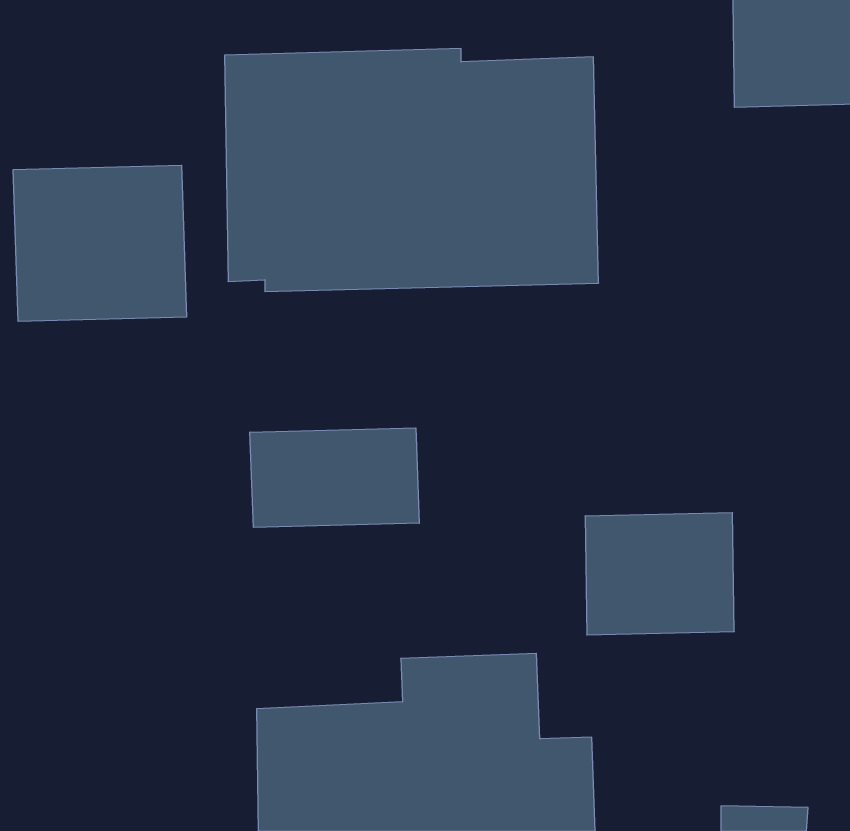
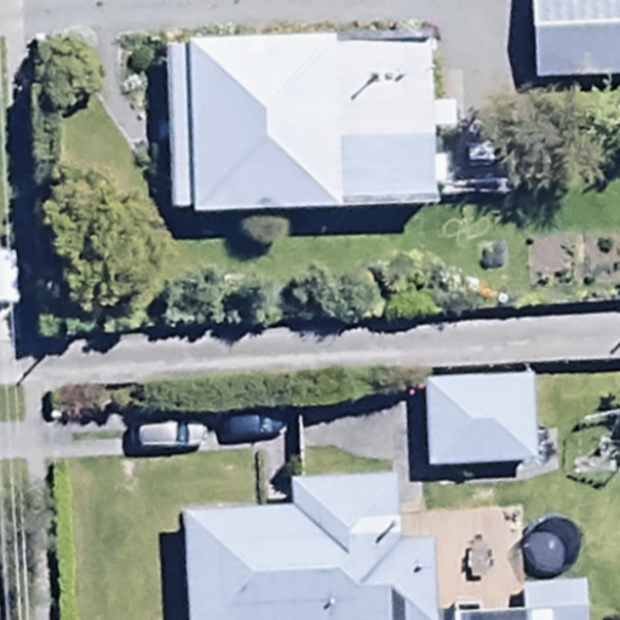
building: [13,165,186,321] -> none
building: [250,428,419,527] -> none

